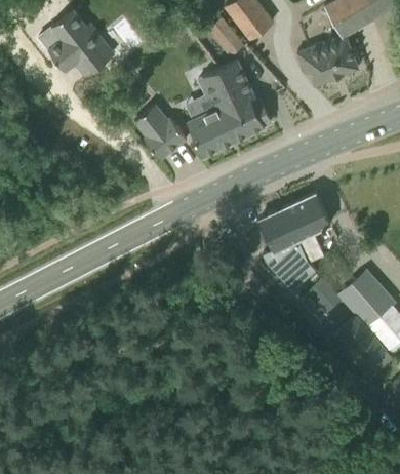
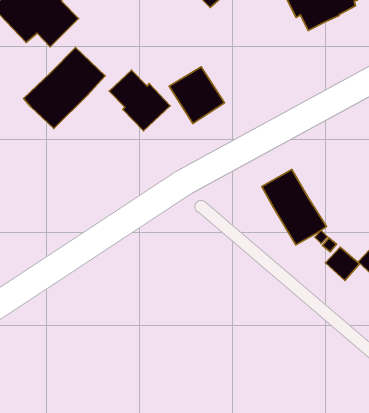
building: [201,58,271,142] -> none
building: none -> [24,48,105,129]
building: [287,193,330,260] -> none

